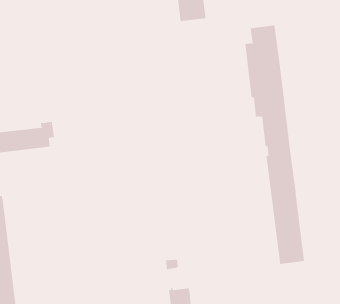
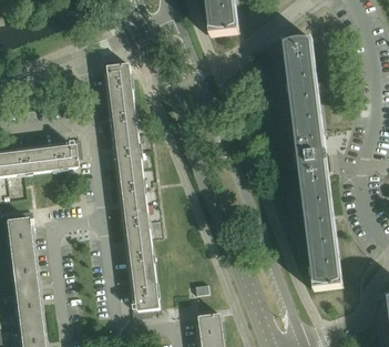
building: none -> [106,60,158,314]

